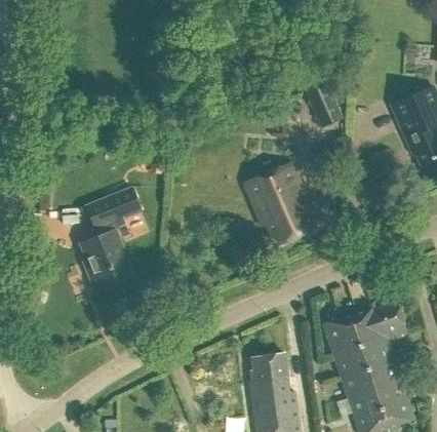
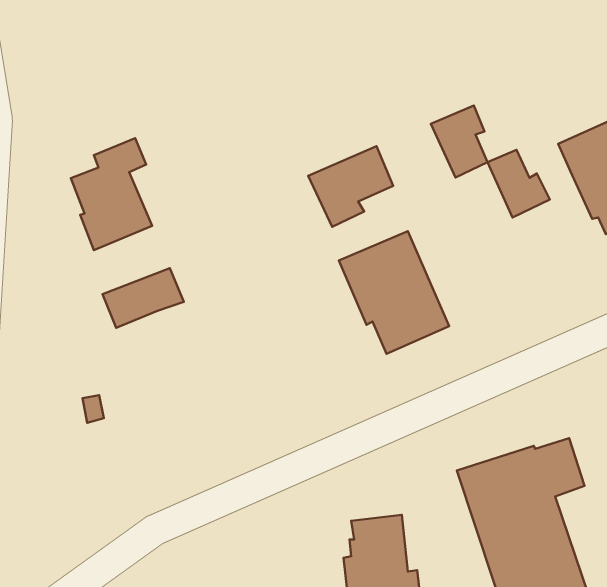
building: none -> [308,146,393,227]
building: none -> [488,150,550,217]
building: [79,217,133,291] -> [71,138,152,250]

